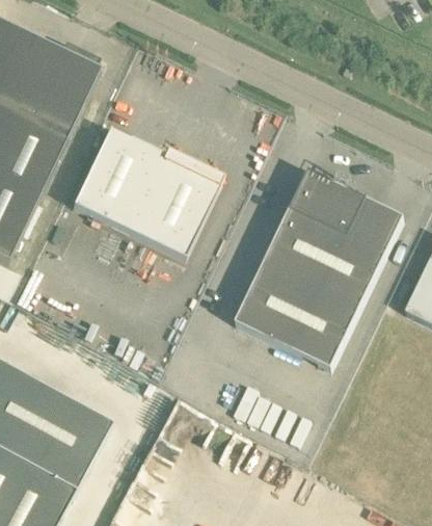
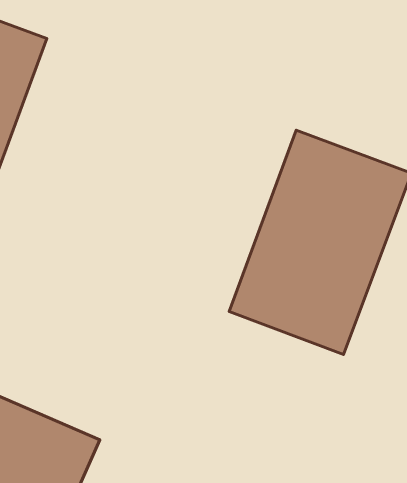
building: [72,127,220,258] -> none

